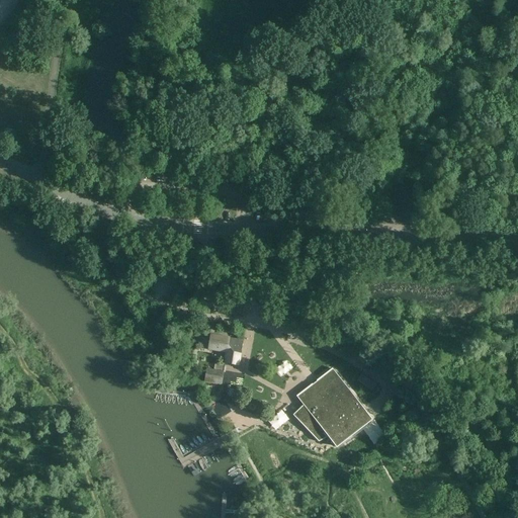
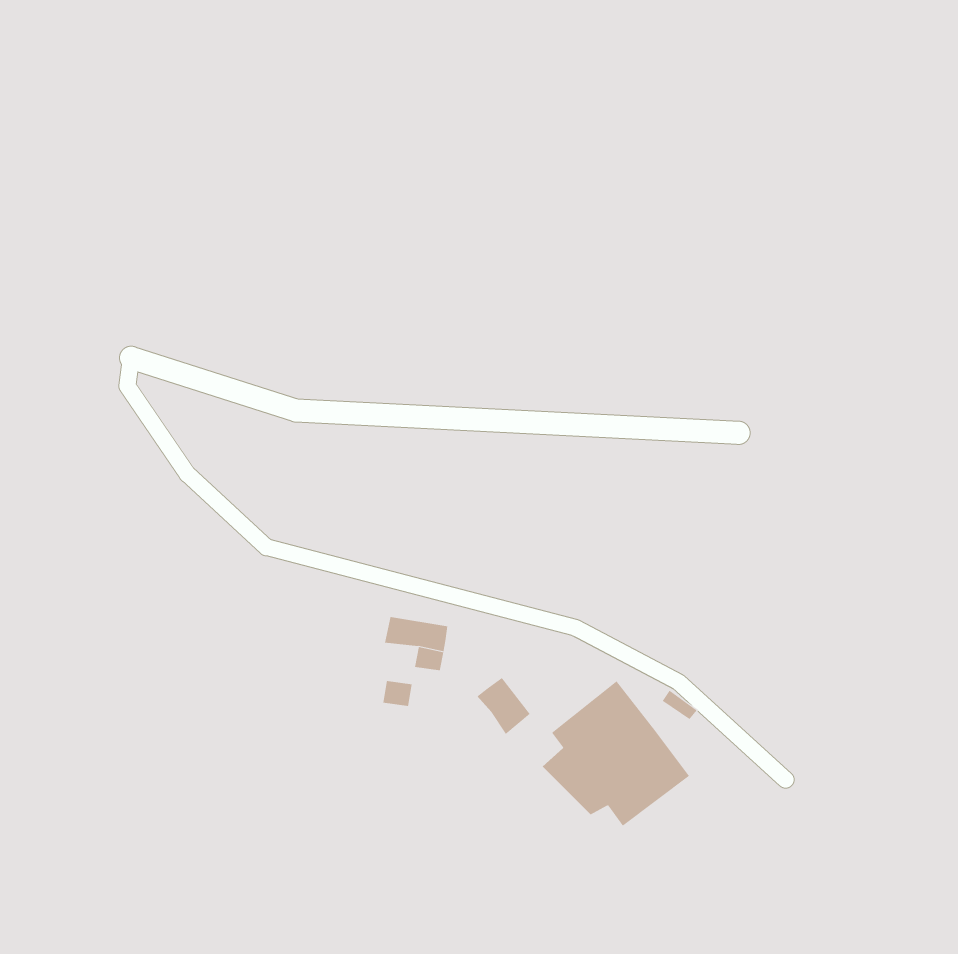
building: none -> [476,677,531,735]

